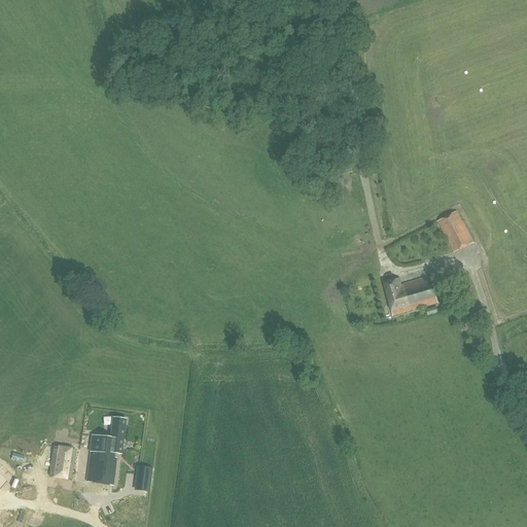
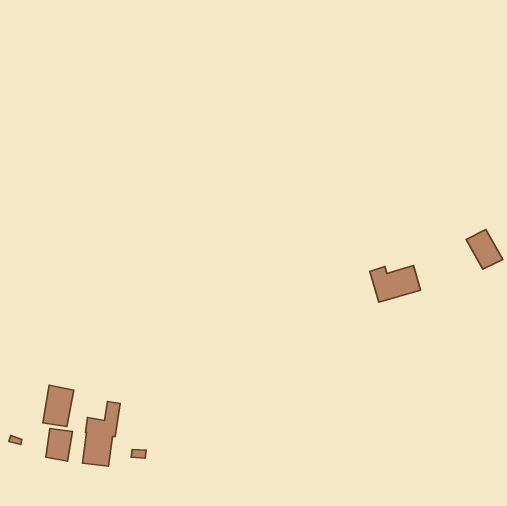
building: [435,209,473,250] -> [466,230,503,269]
building: none -> [43,385,74,426]

